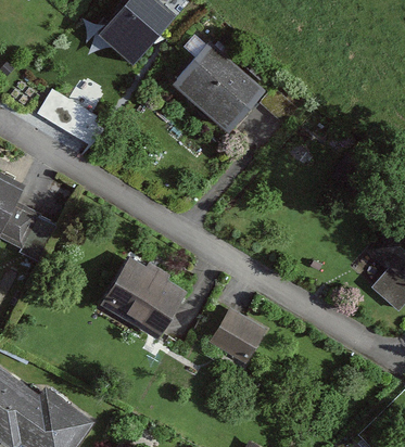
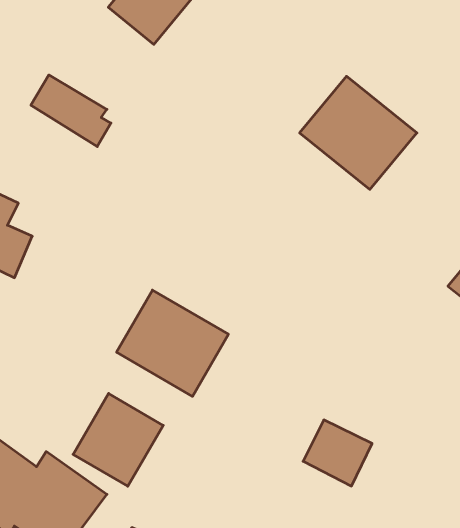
building: [175,44,267,133] -> [300,76,417,189]
building: [206,316,261,368] -> [303,420,372,486]
building: none -> [73,393,163,486]

